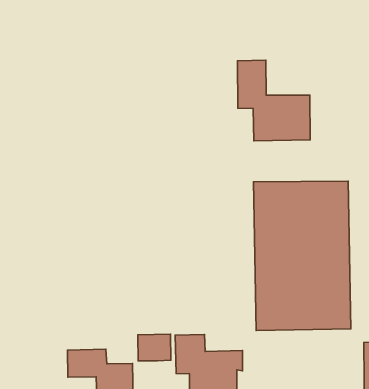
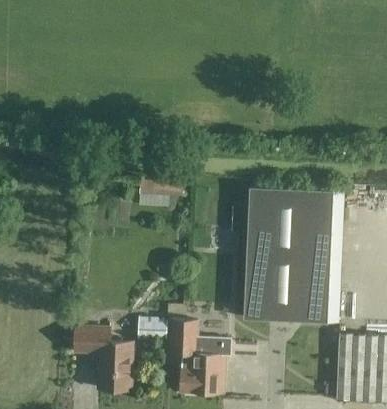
building: [238,60,310,141] -> none
building: none -> [139,179,186,206]

